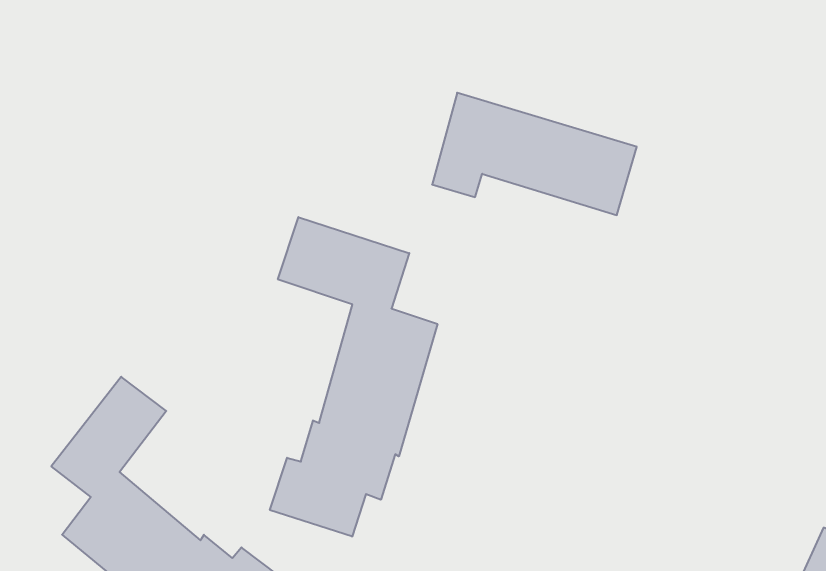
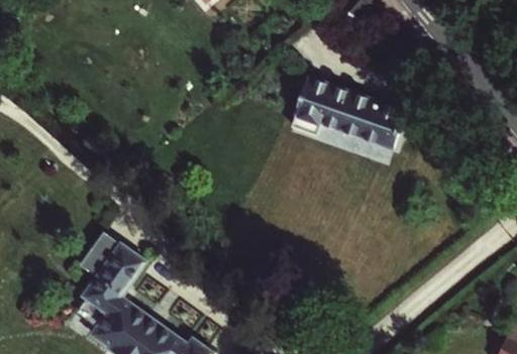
building: [270,217,437,537] -> none

